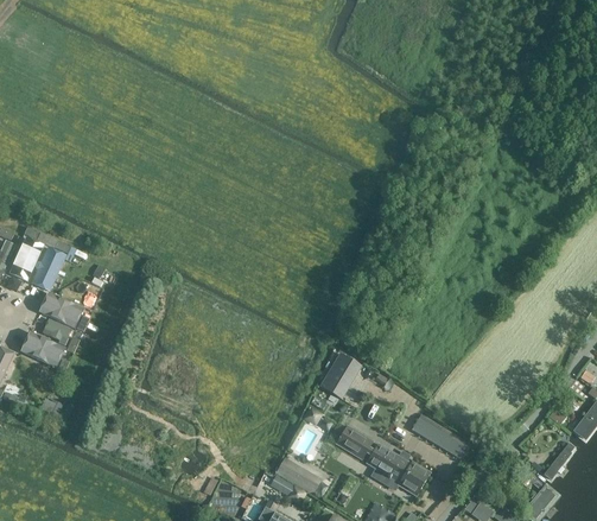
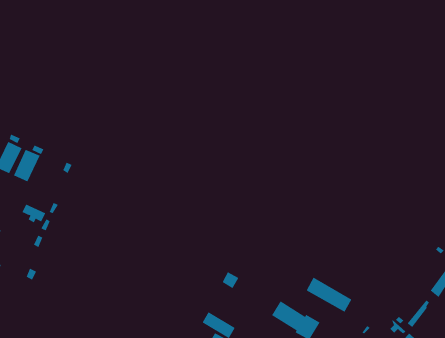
building: [40,290,84,326] -> none
building: [20,332,64,369] -> none
building: [320,352,361,398] -> none
building: [336,425,373,458] -> none

